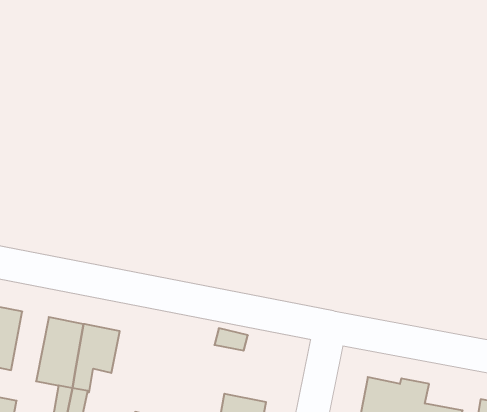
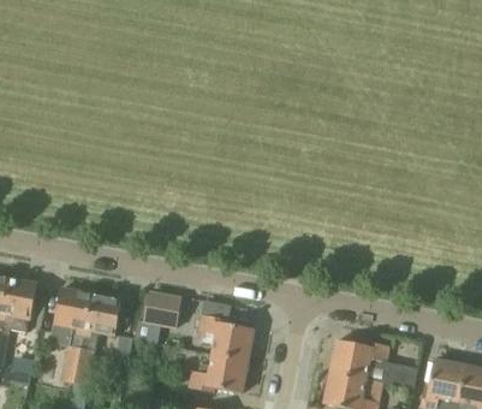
building: none -> [141,291,182,327]
building: none -> [197,316,254,362]

